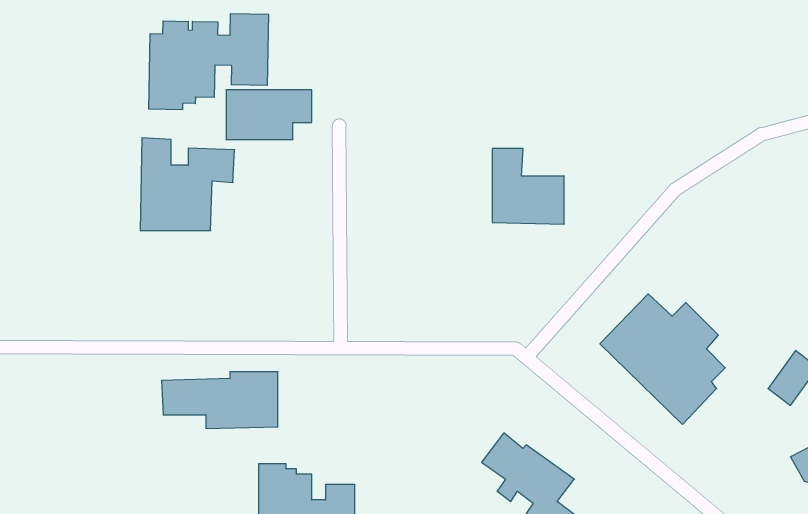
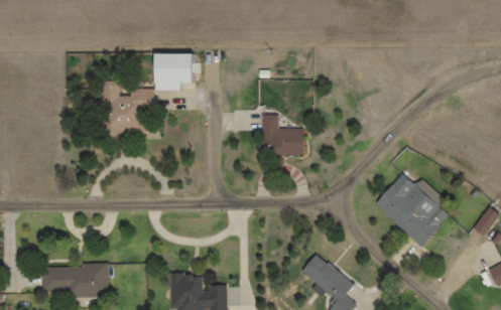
building: [149,14,268,110] -> none
building: [492,149,564,224] -> [261,113,303,157]
building: [161,372,278,428] -> [41,264,110,297]

